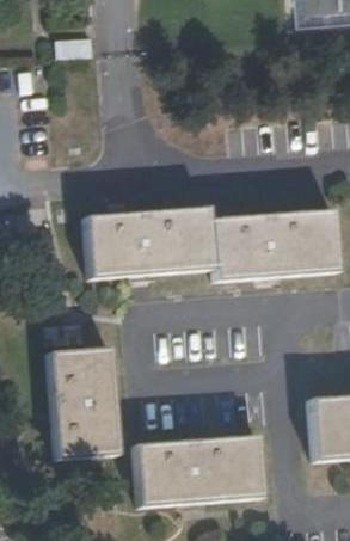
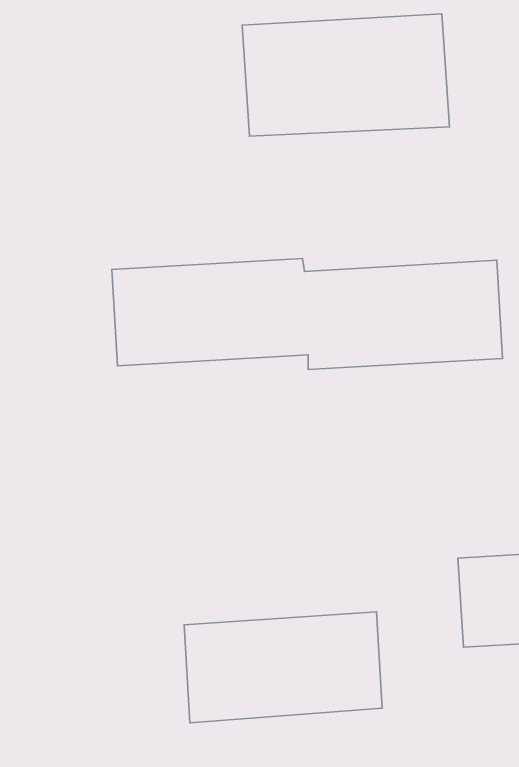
building: none -> [242,14,449,136]
building: [49,350,113,457] -> none

